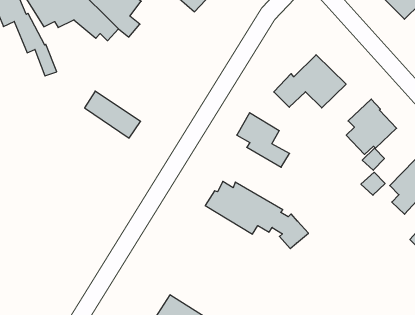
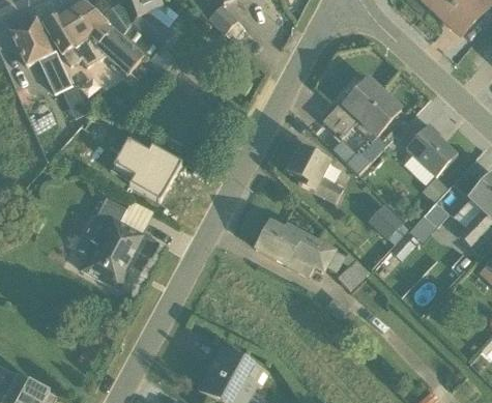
building: none -> [110,149,170,199]
building: none -> [332,136,385,172]
building: none -> [75,198,145,286]
building: none -> [369,202,403,235]

